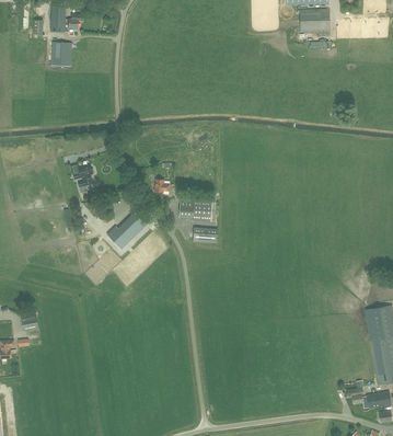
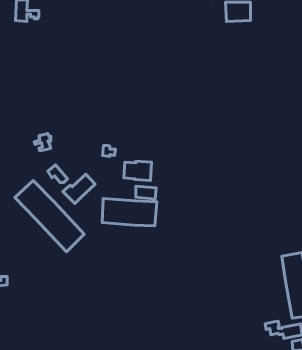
building: [50,42,71,66] -> none
building: none -> [15,181,84,252]
building: none -> [102,199,157,226]

